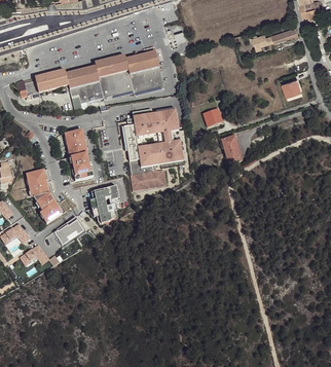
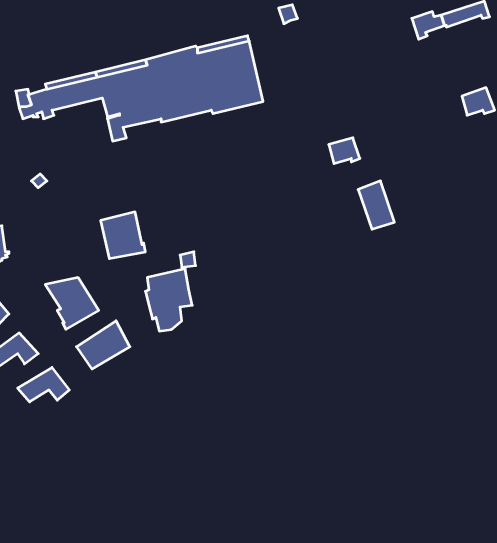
building: [120,110,182,190] -> none
building: [62,130,87,158] -> none
building: [27,170,53,196] -> none

